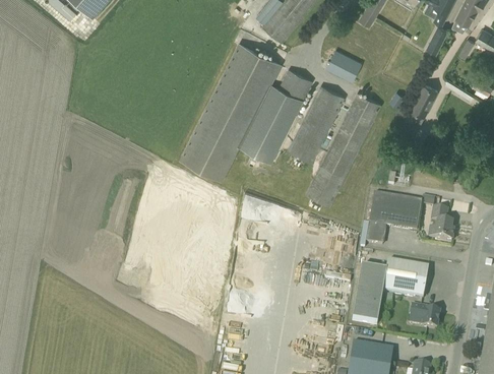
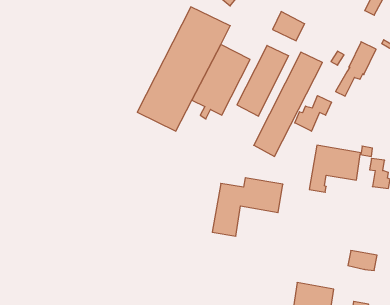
building: [280,66,312,97] -> none
building: none -> [295,96,331,131]
building: [353,258,429,321] -> [212,178,283,236]

